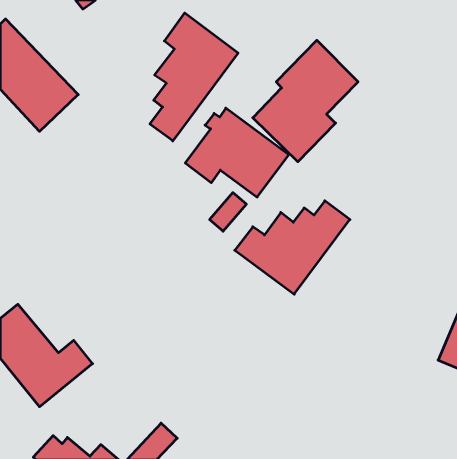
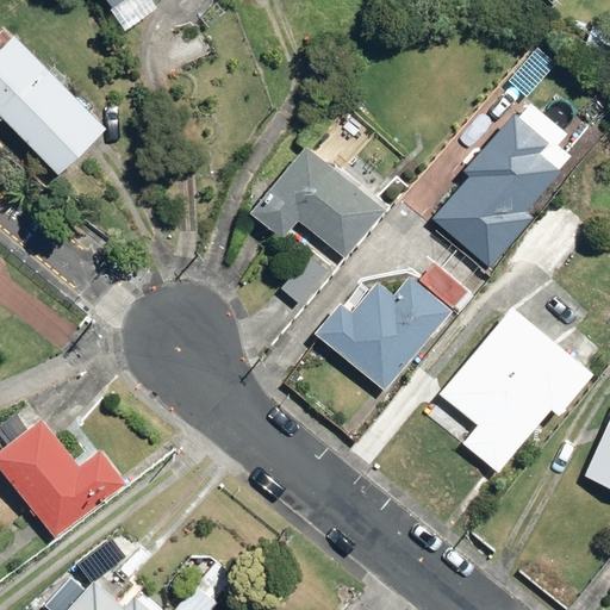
building: [150,13,238,141] -> none
building: [253,40,358,162] -> [429,113,568,274]
building: none -> [440,309,591,474]

